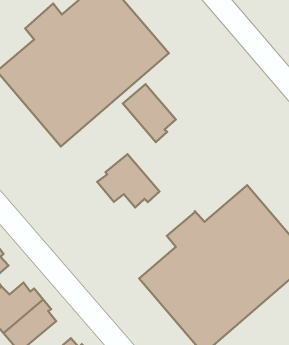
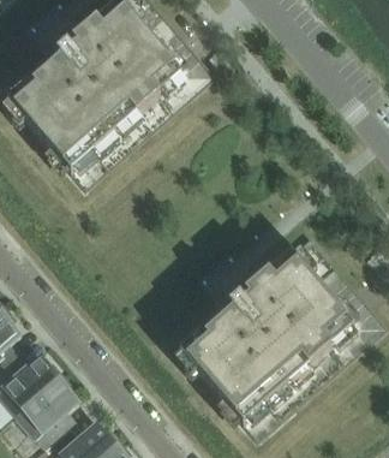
building: [123,84,176,142] -> none
building: [97,154,159,207] -> none

